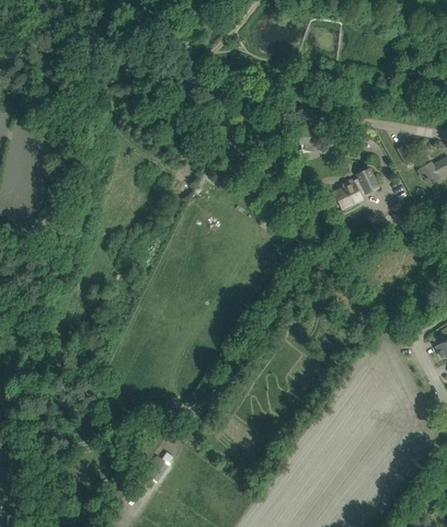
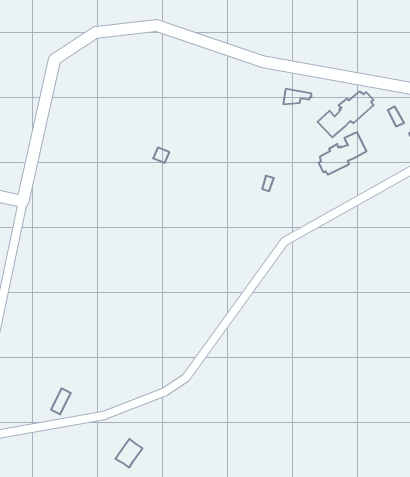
building: none -> [318,92,374,137]

